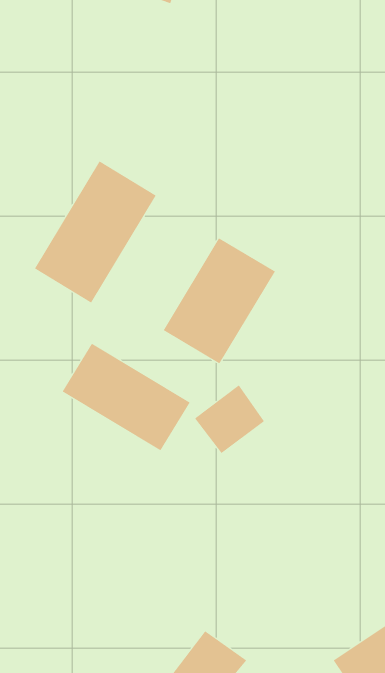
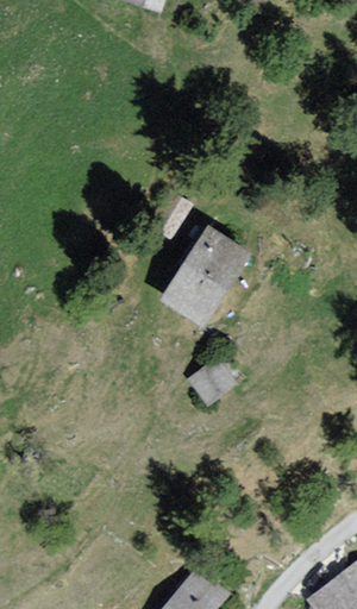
building: [34,161,156,303] -> none
building: [62,343,191,451] -> none

